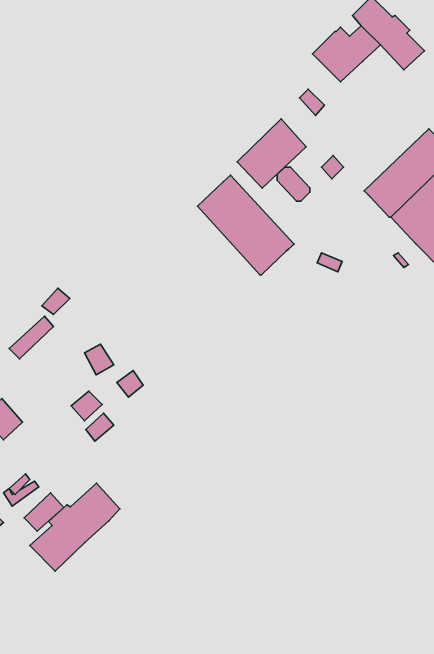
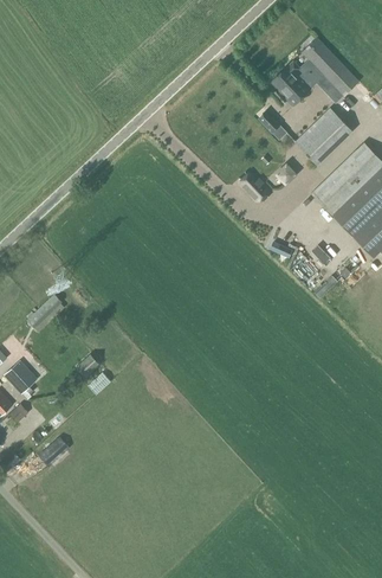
building: [237,119,306,188] -> [294,108,350,163]
building: [198,175,294,275] -> none
building: [30,483,120,571] -> none

